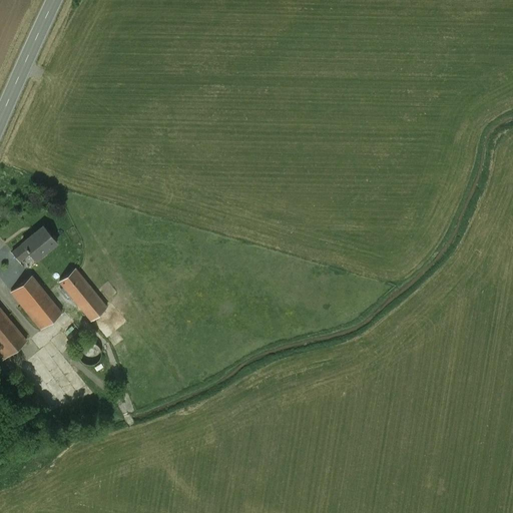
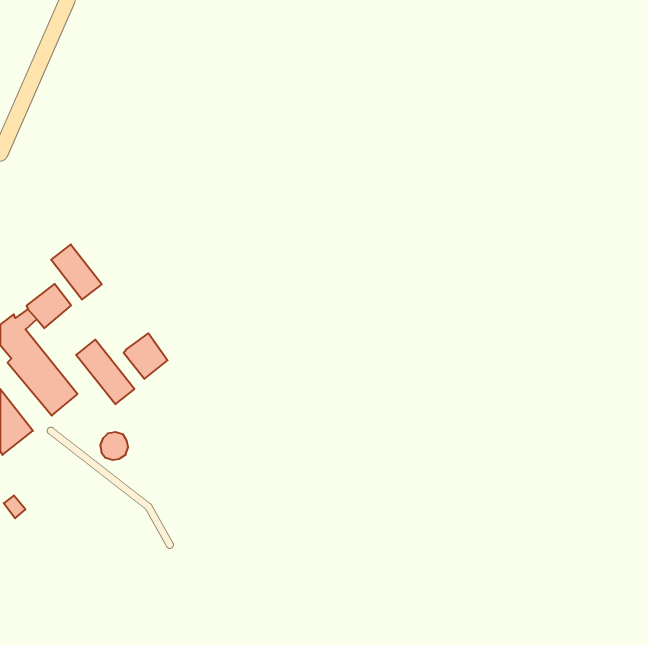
building: none -> [51,244,102,300]
building: none -> [124,333,168,379]

